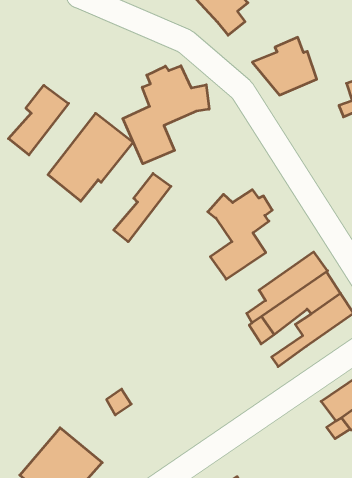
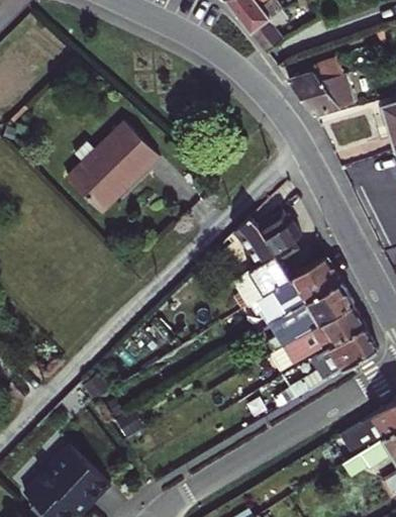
building: [123,66,209,164] -> none
building: [8,85,69,155] -> none
building: [114,173,171,242] -> none
building: none -> [247,256,340,324]

